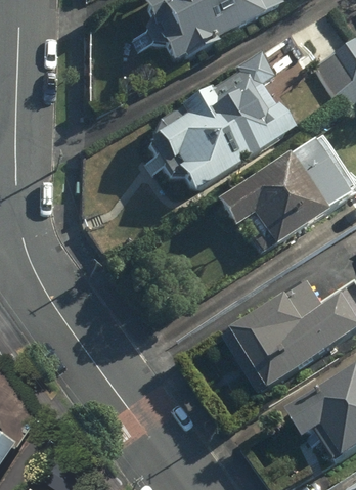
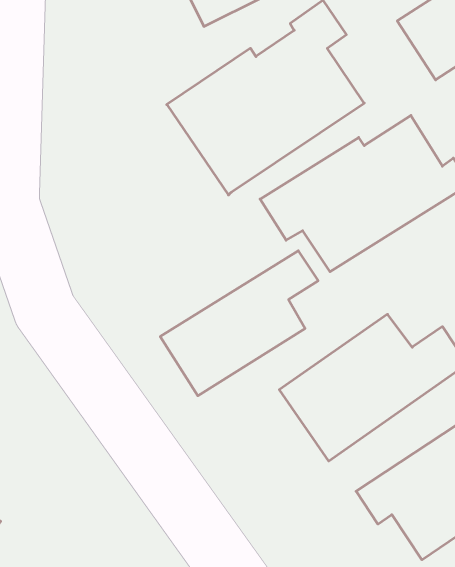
building: none -> [160,251,318,396]

